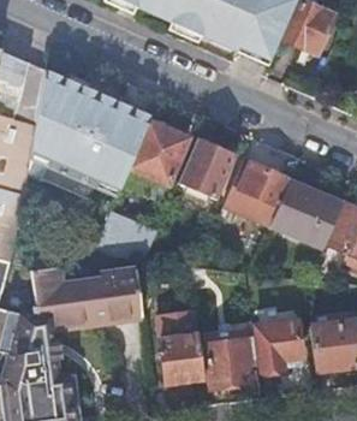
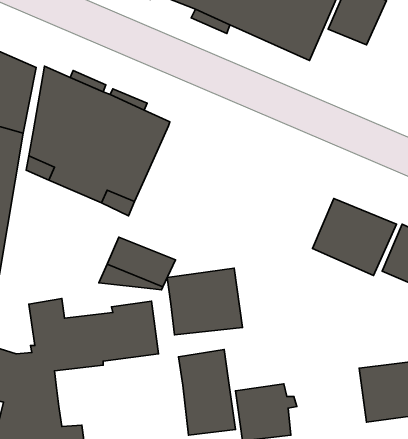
building: [130,120,189,184] -> none
building: [178,137,237,198] -> none
building: [225,160,291,225] -> none
building: none -> [167,268,243,335]
building: [257,321,304,370] -> none

